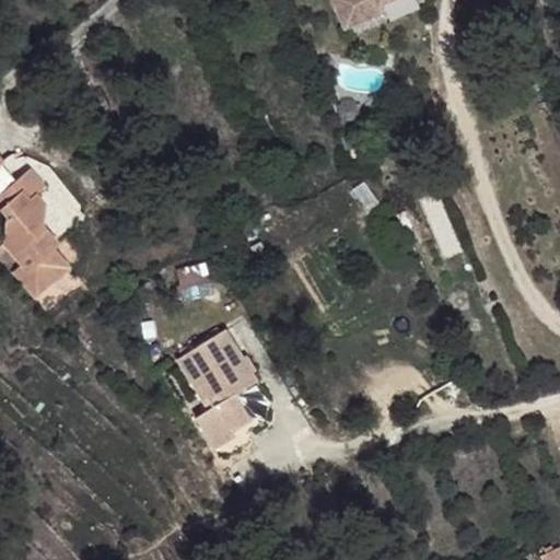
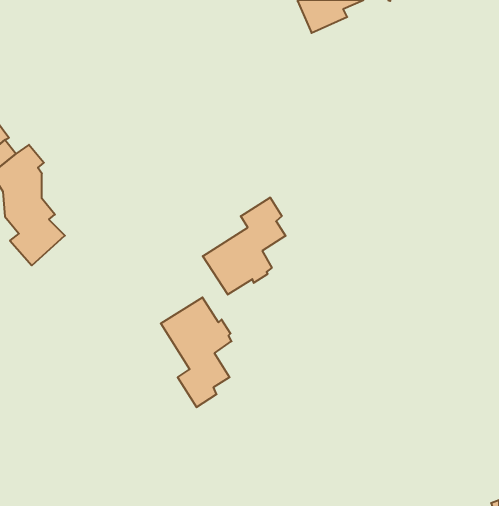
building: none -> [203,197,286,295]

